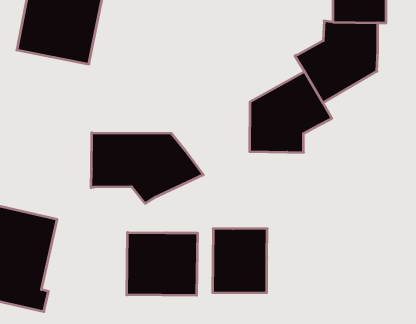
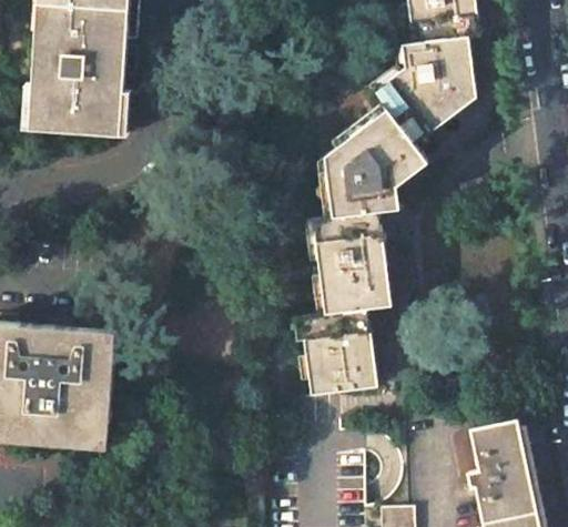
building: [91,133,203,203] -> none
building: none -> [312,212,390,315]
building: [127,232,197,295] -> none

